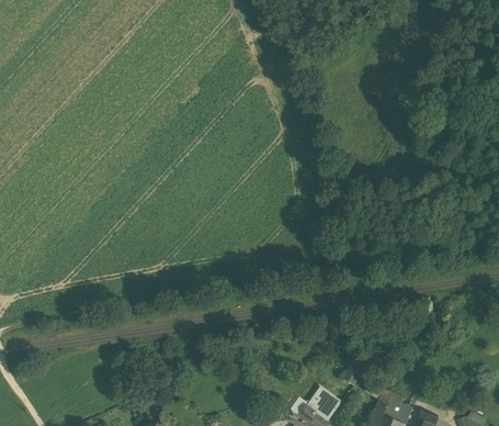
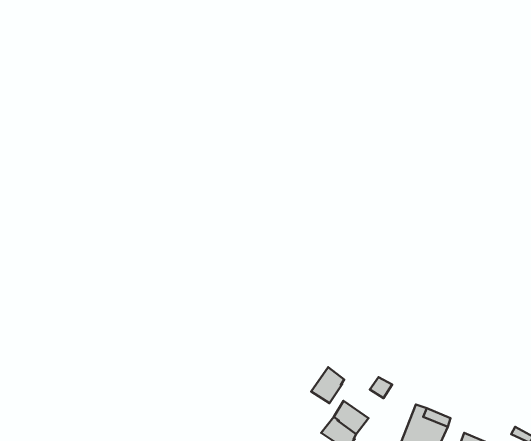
building: none -> [311,367,344,403]

